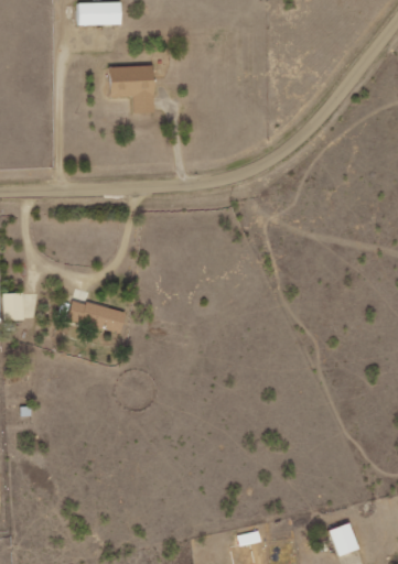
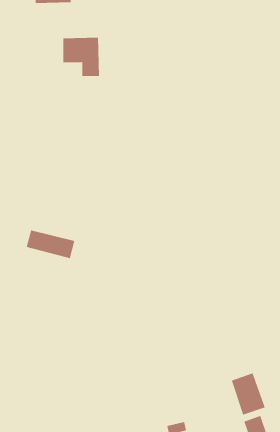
building: none -> [231,373,266,415]

